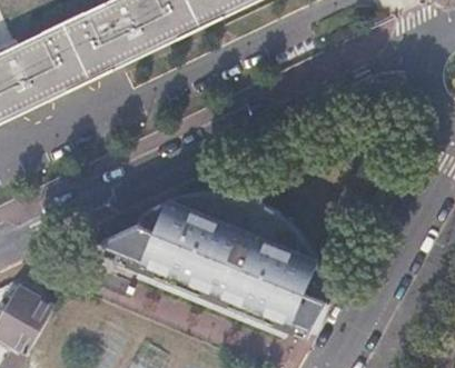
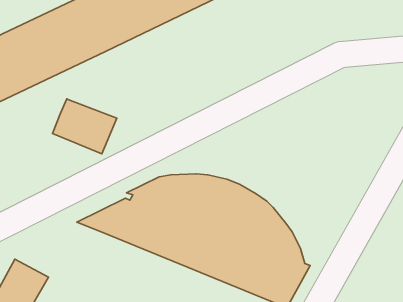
building: none -> [53,99,117,154]

